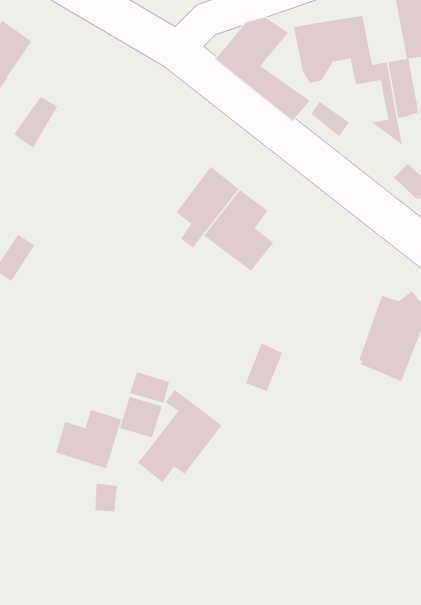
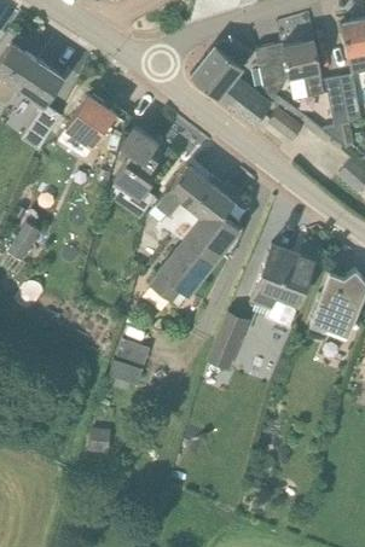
building: none -> [17,60,64,109]
building: none -> [57,95,127,157]
building: none -> [112,127,157,198]
building: none -> [251,252,314,327]
building: [137,389,222,483] -> [149,222,220,301]
building: [55,409,122,469] -> none

